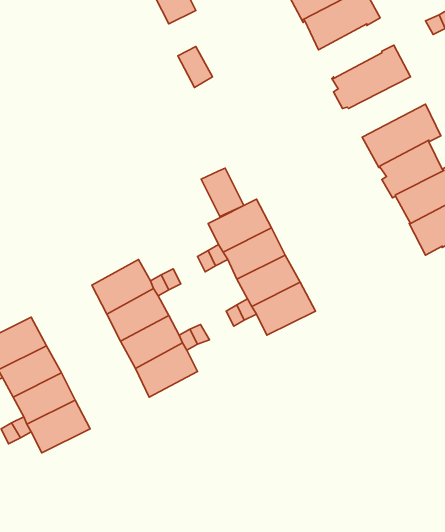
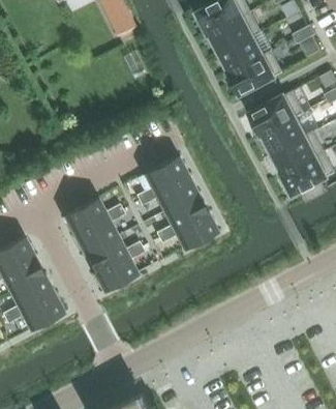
building: none -> [220,36,264,74]
building: [201,168,244,216] -> none

